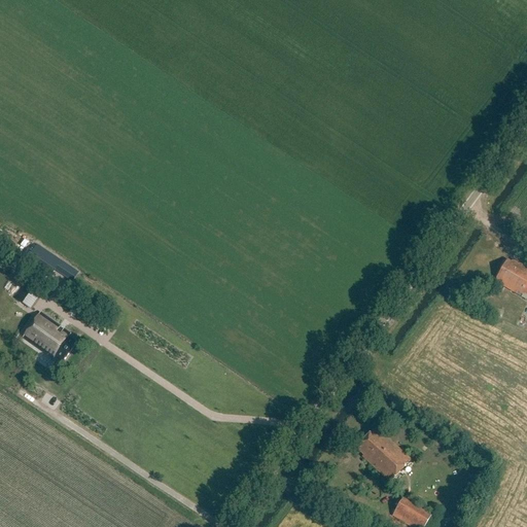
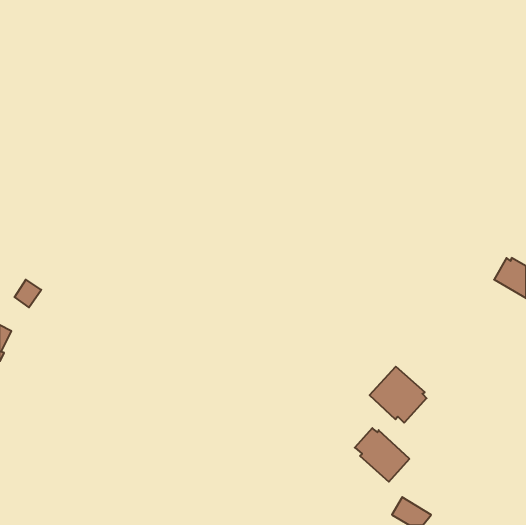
building: [24,312,76,360] -> none
building: none -> [370,367,427,423]

